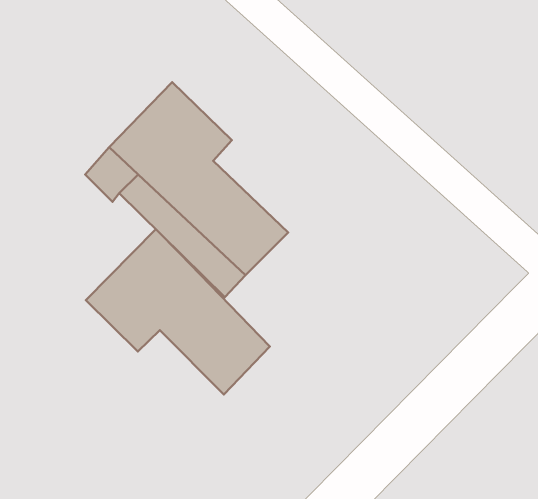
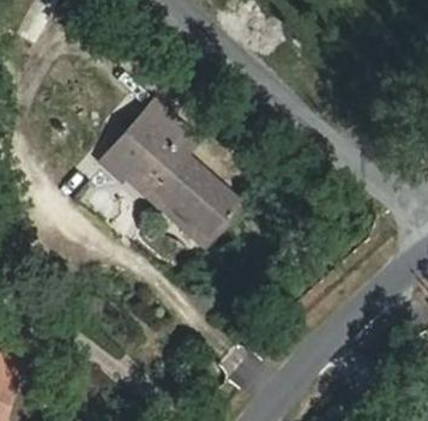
building: [86,229,270,394] -> none

